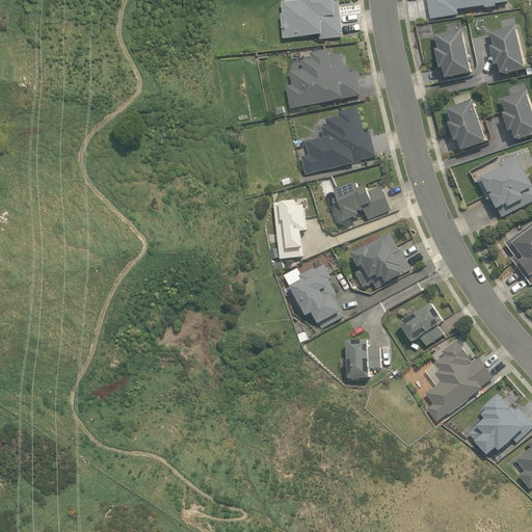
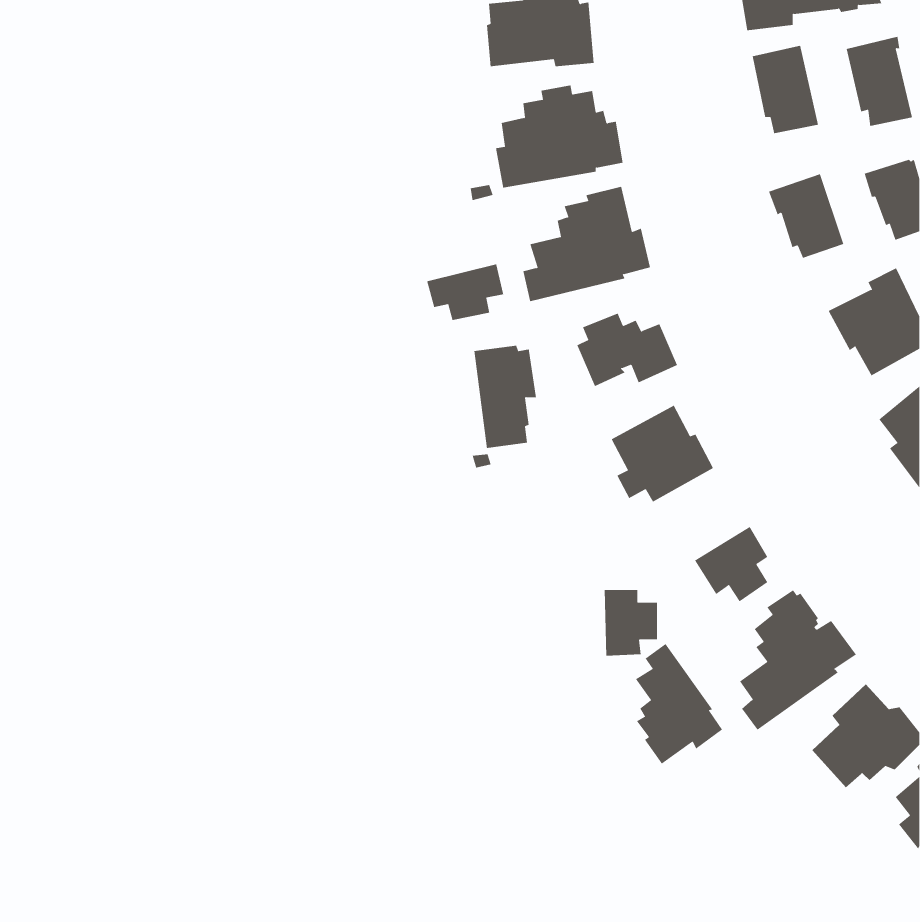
building: none -> [427,264,504,321]
building: [288,263,343,327] -> none
building: none -> [635,643,723,764]

